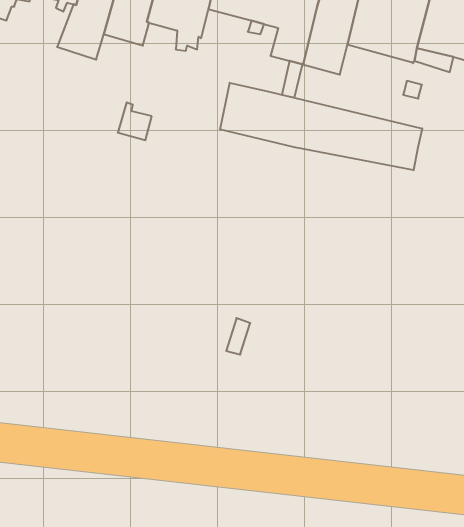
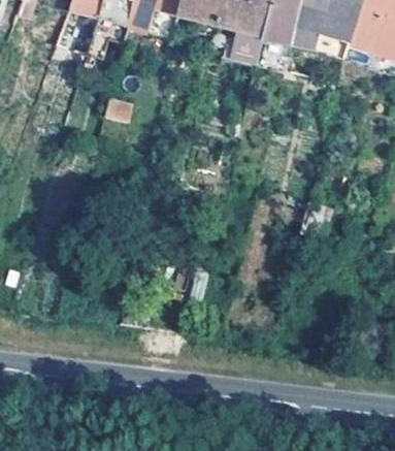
building: [220,83,422,170] -> none

